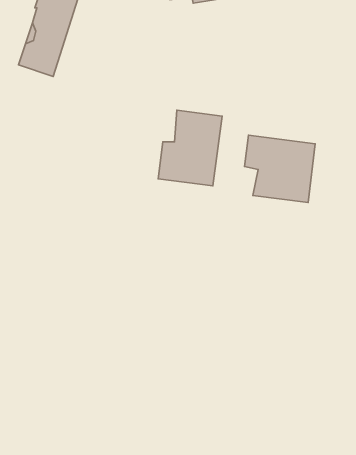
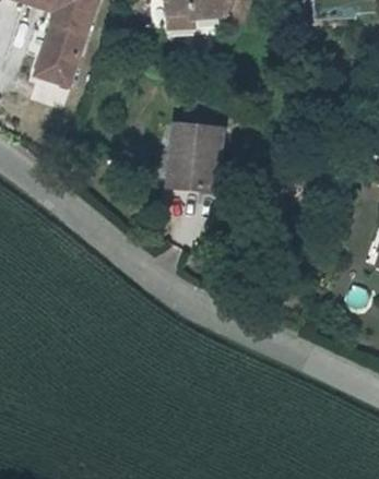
building: [244,135,315,203] -> none

